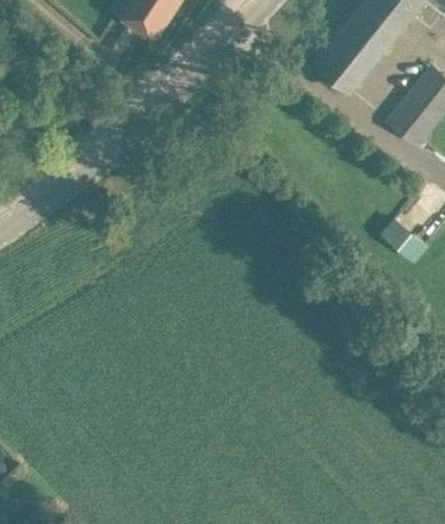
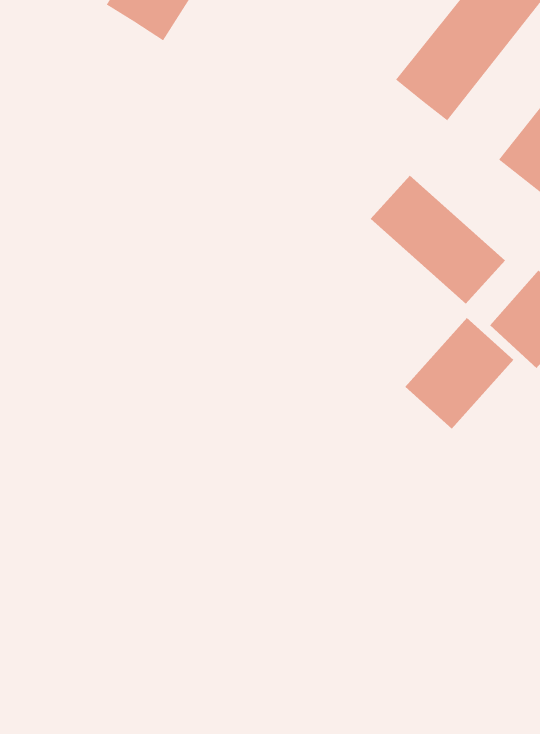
building: none -> [370,175,506,305]
building: none -> [405,317,514,429]

